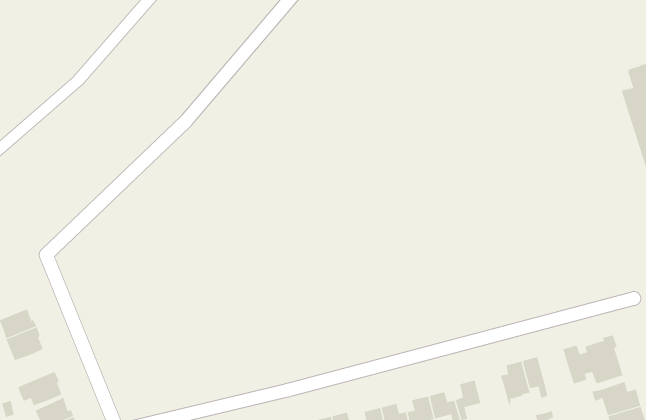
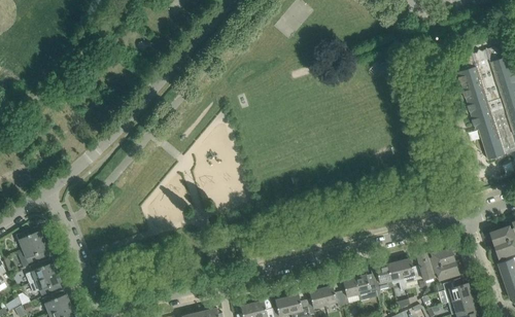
building: none -> [25,258,56,282]
building: none -> [398,258,422,283]
building: none -> [353,274,377,301]

